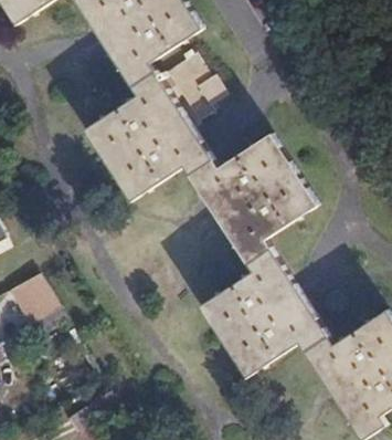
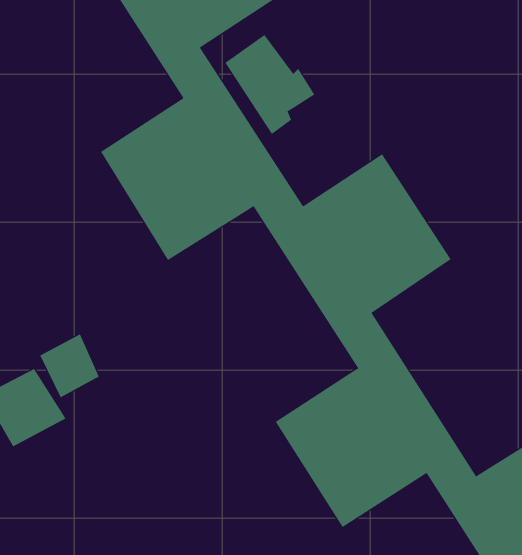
building: none -> [40,334,99,398]

